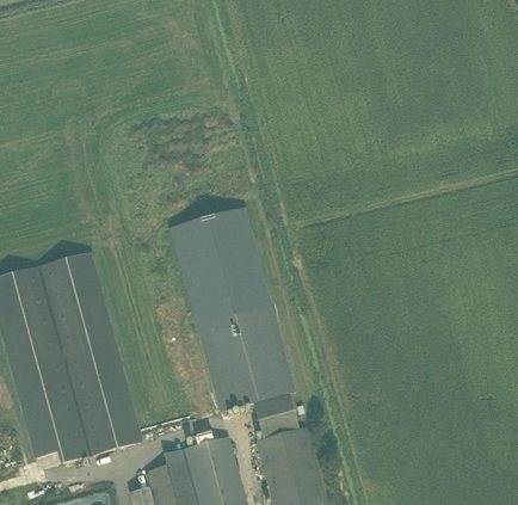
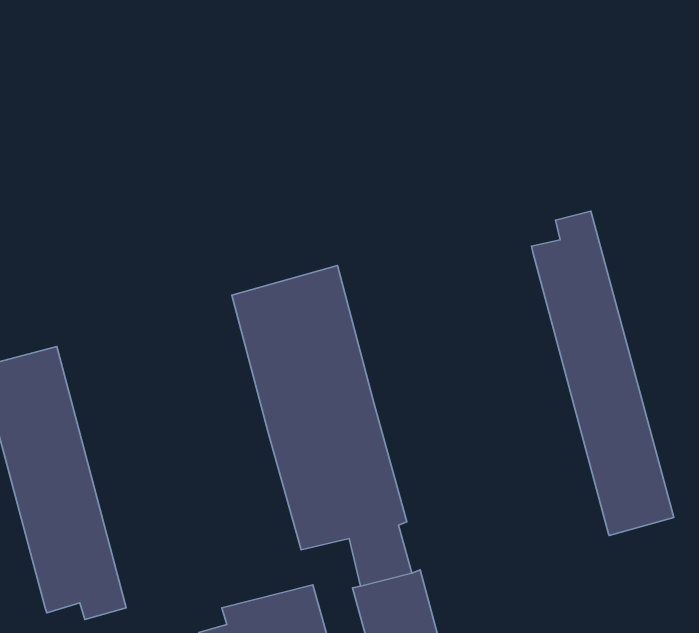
building: none -> [531,211,674,536]
building: [43,251,141,454] -> none

